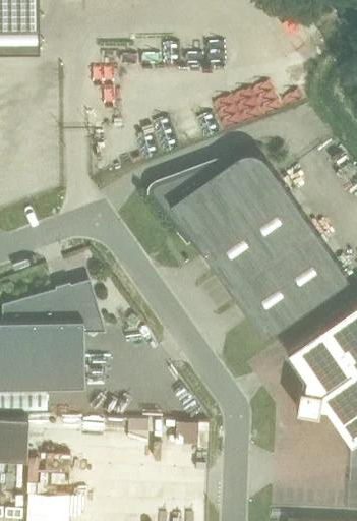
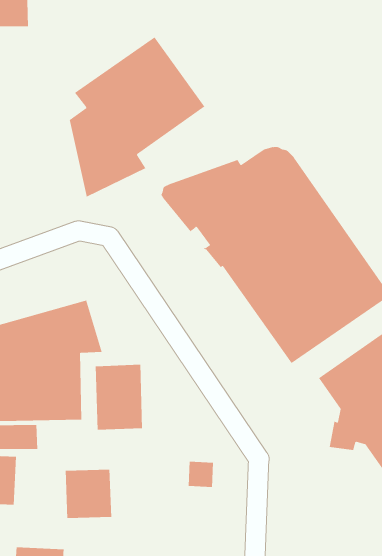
building: none -> [69,37,205,198]
building: none -> [95,364,143,431]
building: none -> [65,469,112,519]

